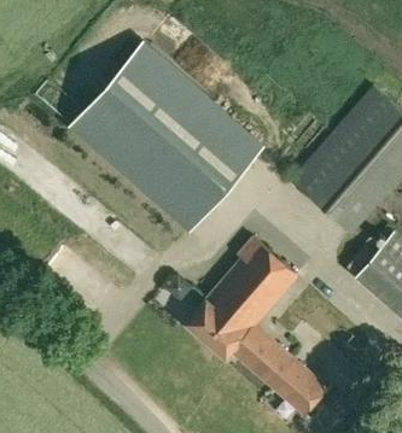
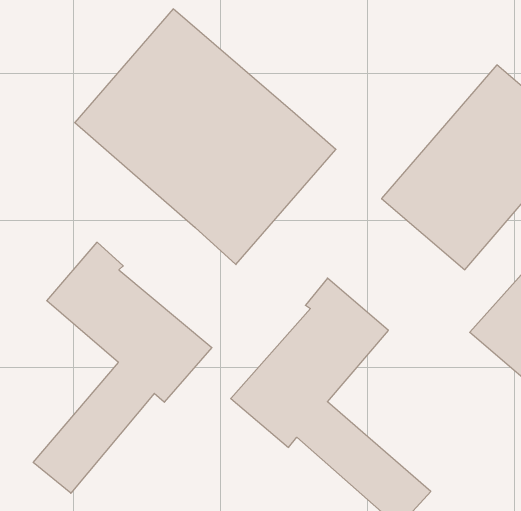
building: none -> [33,242,212,493]

